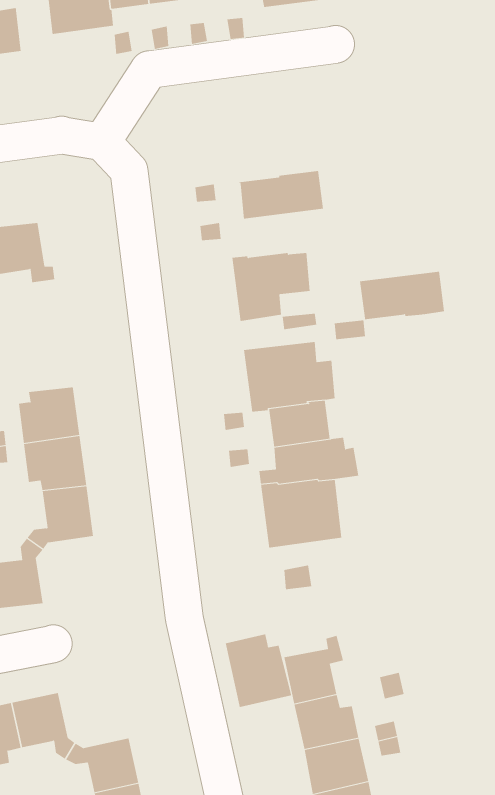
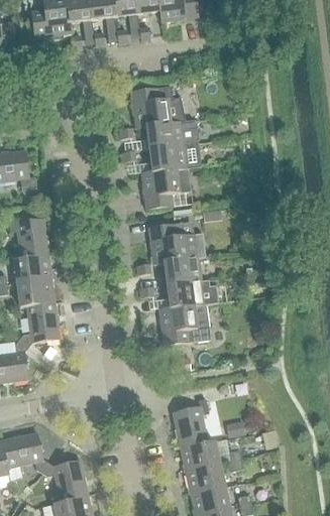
building: none -> [130,86,194,128]
building: [359,271,445,320] -> [148,142,200,171]
building: none -> [7,216,46,252]
building: [225,633,292,708] -> none

